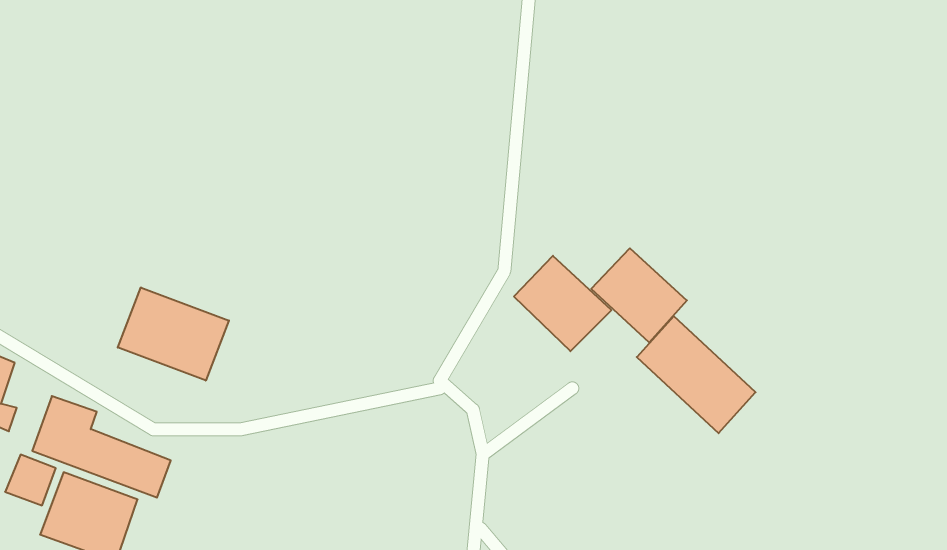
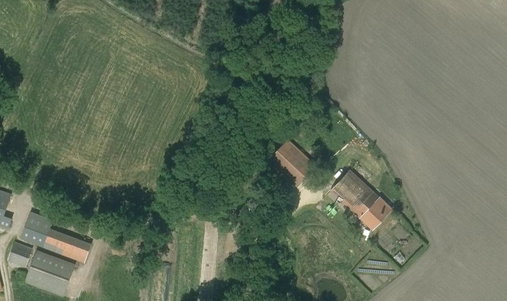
building: [591,248,687,342] -> none
building: [118,287,229,381] -> none

